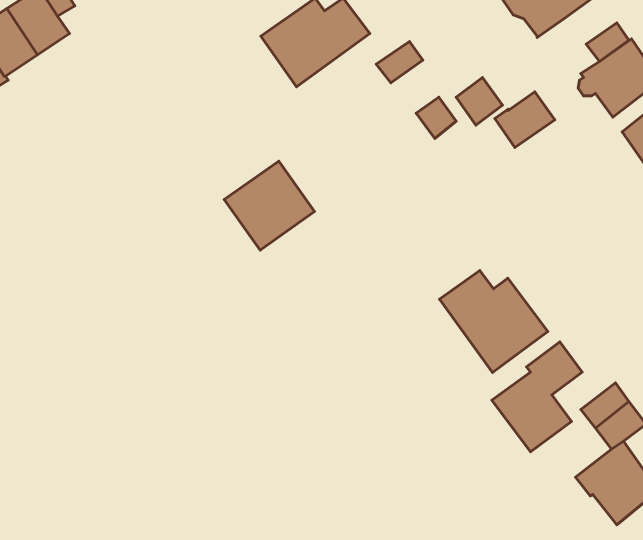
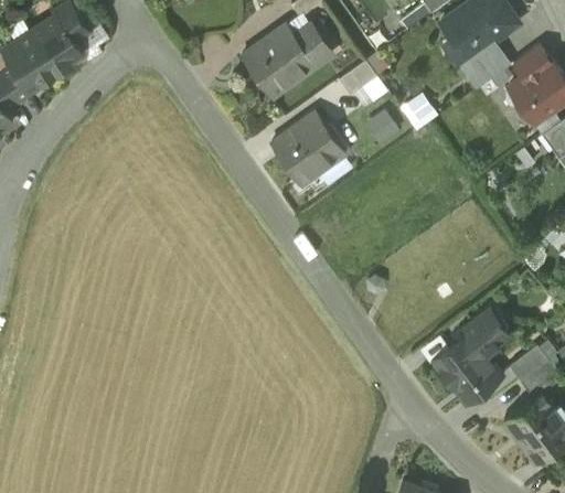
building: [495,92,555,148] -> [460,42,510,88]
building: [224,161,315,250] -> [270,111,345,185]
building: [440,271,548,373] -> none

